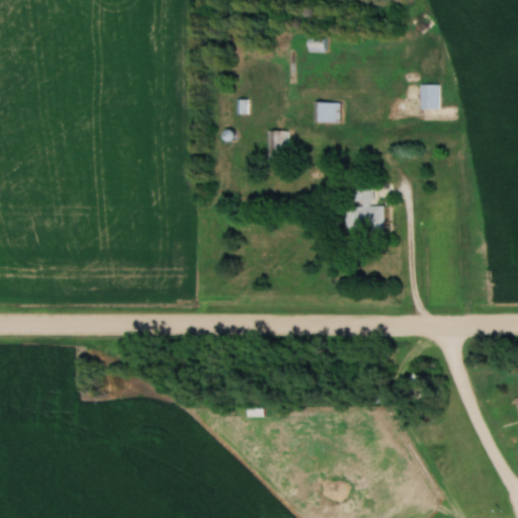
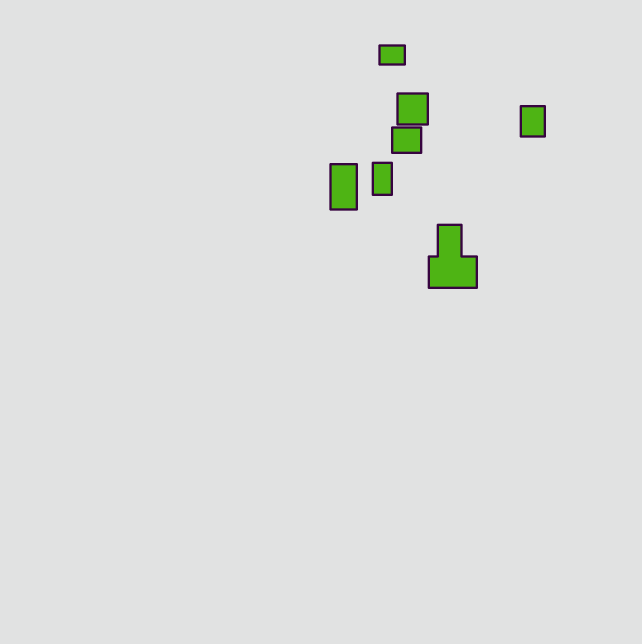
building: none -> [398,94,428,125]
building: none -> [373,163,392,195]

